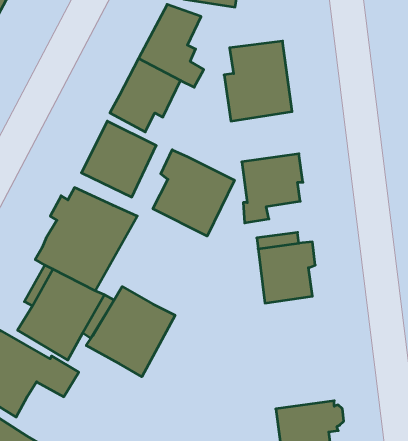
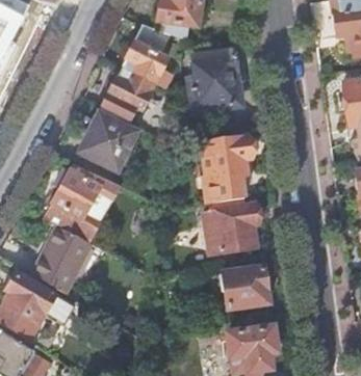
building: [153,150,234,236] -> none
building: [86,287,175,377] -> none
building: none -> [222,267,268,308]

